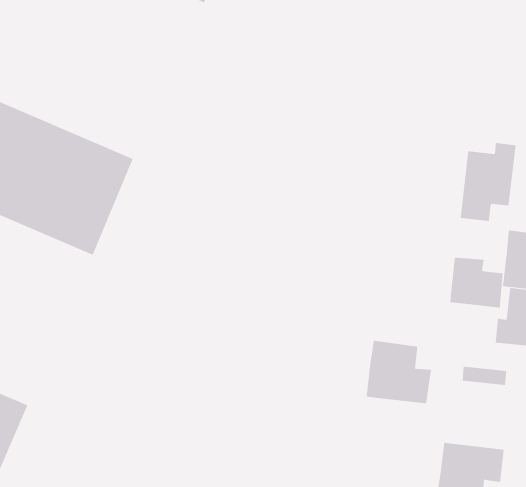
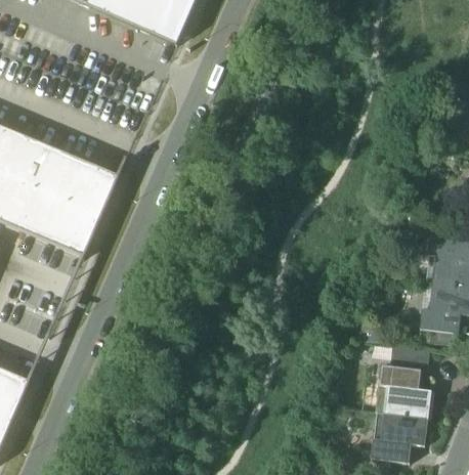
building: [460,142,516,222] -> none
building: [450,257,503,309] -> none
building: [366,340,432,404] -> [377,362,432,416]

